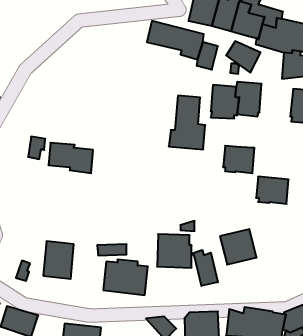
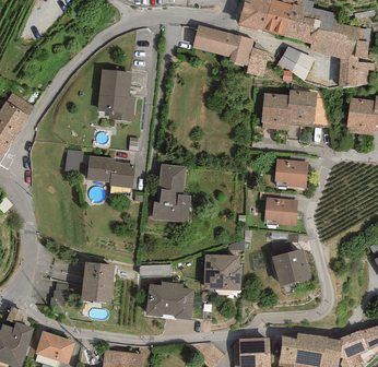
building: none -> [97,69,137,120]
building: [169,96,205,149] -> [152,164,191,222]
building: [256,177,289,204] -> [264,197,299,226]
building: [193,250,218,286] -> none

